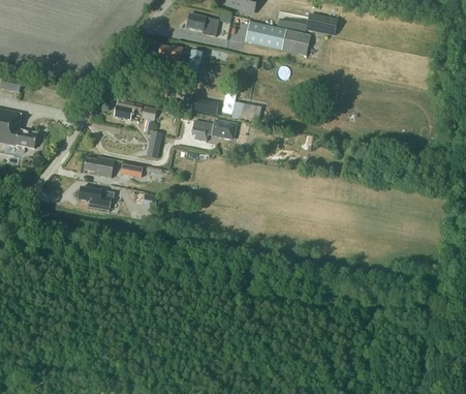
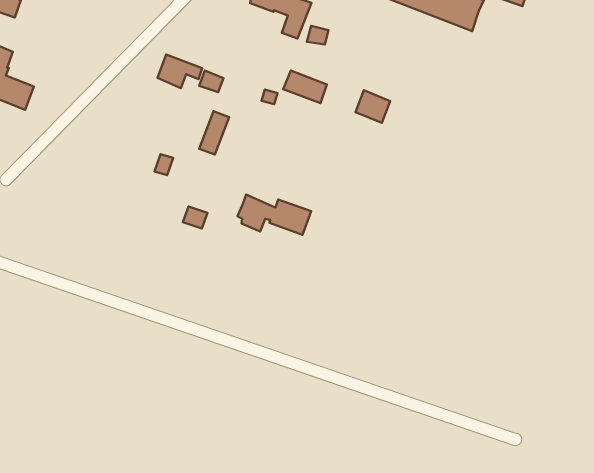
building: [190,120,236,142] -> [238,195,311,235]
building: [85,158,115,179] -> none
building: [77,187,114,212] -> none

